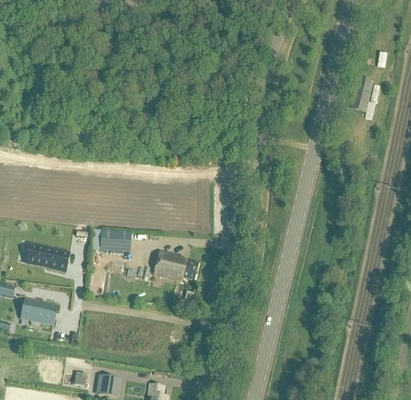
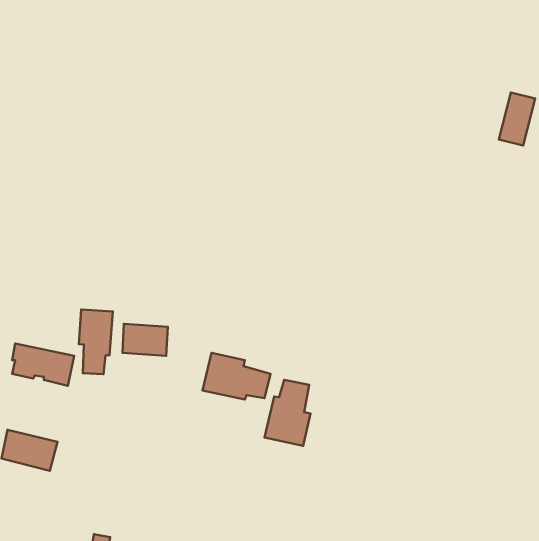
building: none -> [79,310,113,374]
building: none -> [264,380,311,446]

